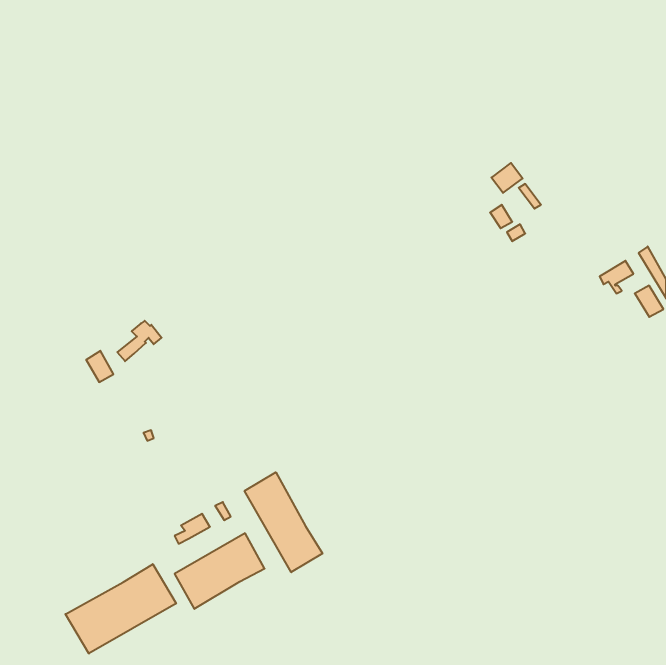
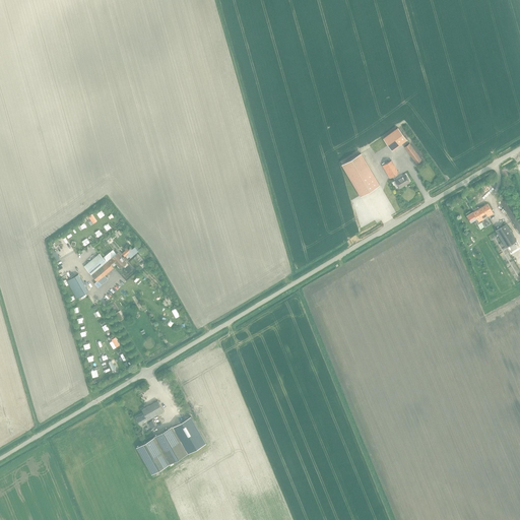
building: none -> [342,154,379,196]
building: [245,472,322,572] -> none
building: [65,564,176,654] -> none

